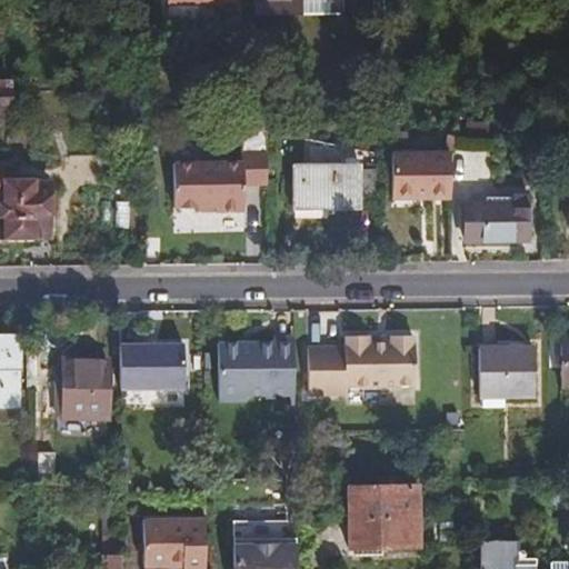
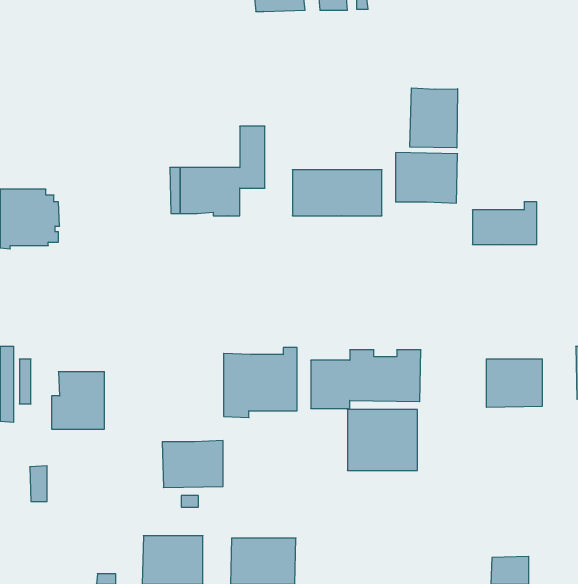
building: none -> [410,88,458,148]
building: [121,342,180,388] -> [162,441,223,488]
building: [351,488,419,547] -> [347,410,417,470]

